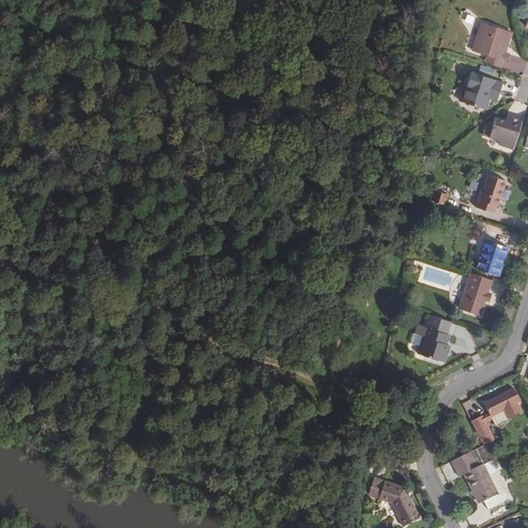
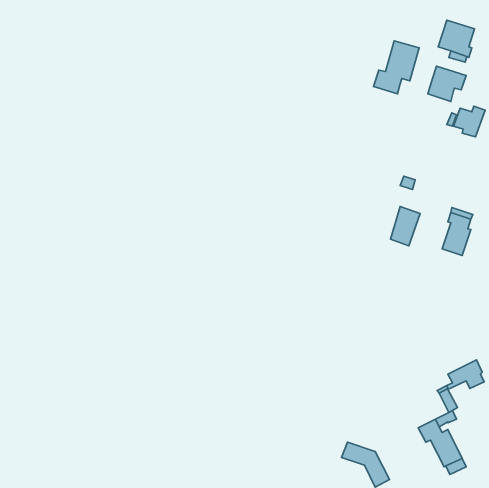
building: none -> [374,41,419,94]
building: [475,174,505,212] -> none
building: [460,272,492,315] -> [391,207,420,246]
building: [418,315,451,362] -> none

